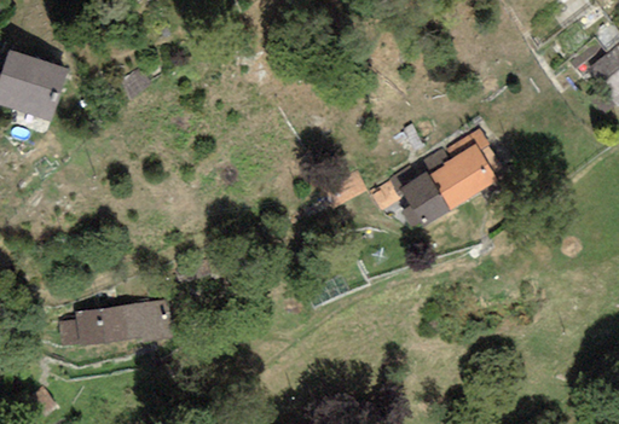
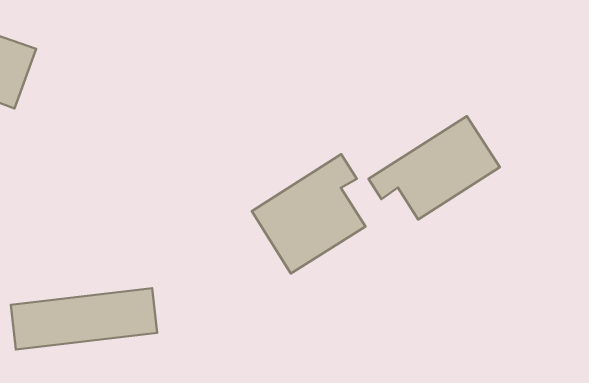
building: none -> [252,154,365,273]

